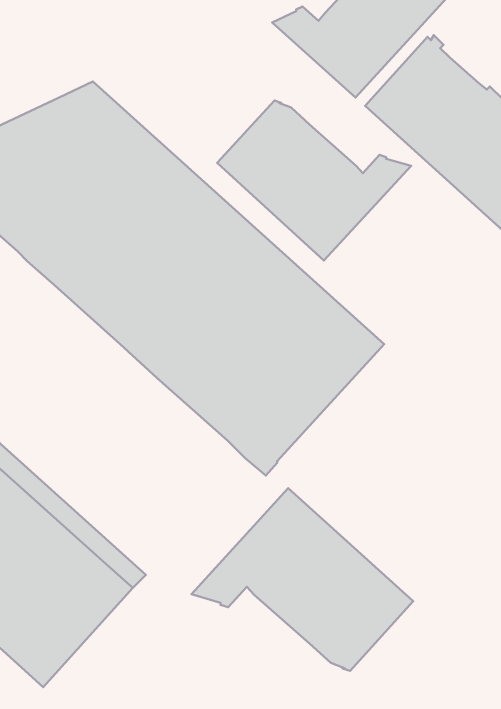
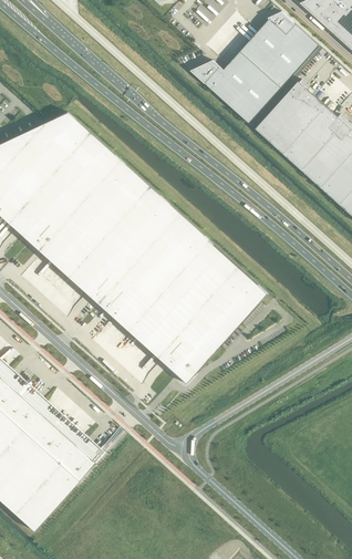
building: [217,101,411,260] -> none
building: [192,488,413,671] -> none

